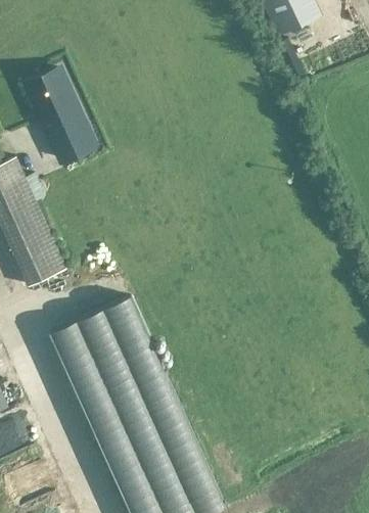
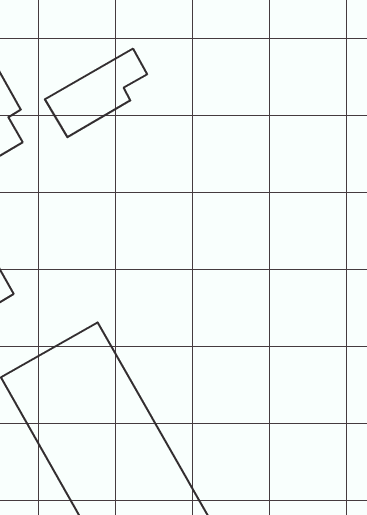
building: none -> [45,49,147,137]

